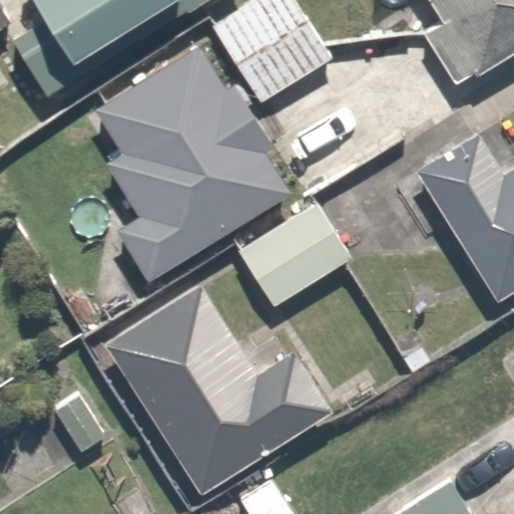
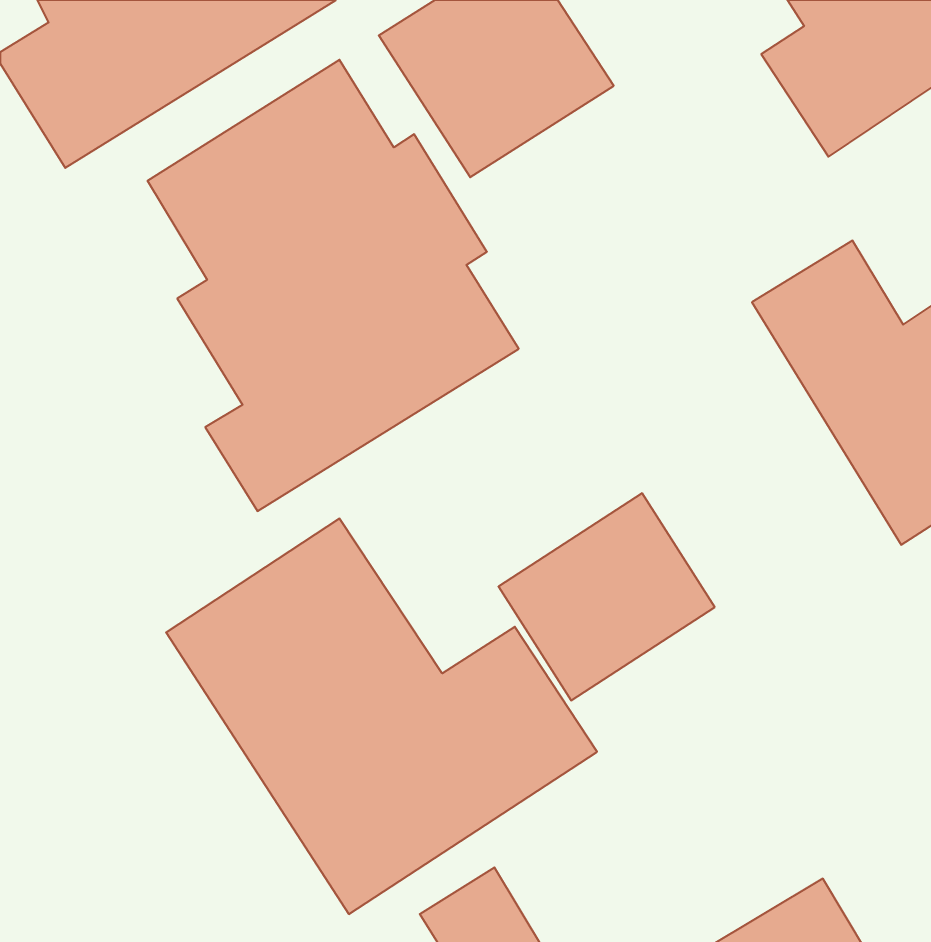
building: [238,197,354,308] -> [498,493,715,700]

